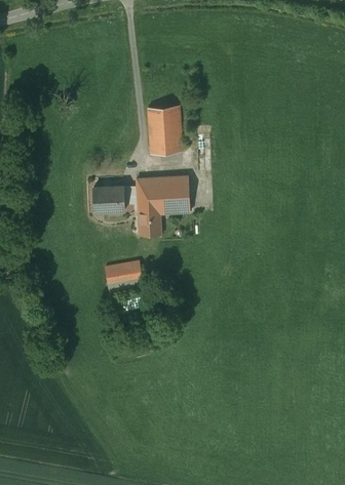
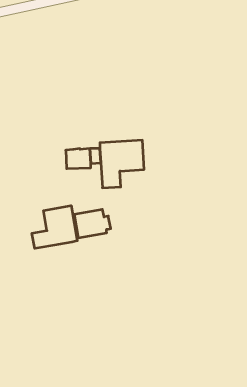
building: [148,106,182,154] -> none
building: none -> [32,206,77,248]

